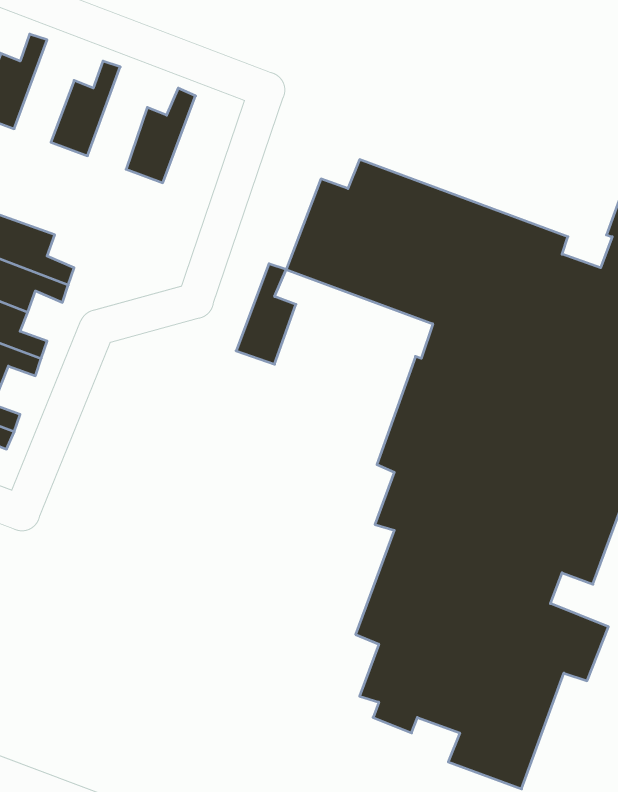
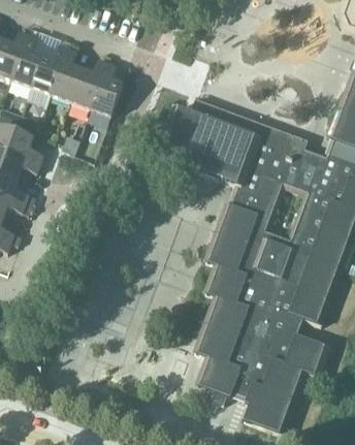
building: none -> [11,33,43,88]
building: none -> [51,47,83,102]
building: [236,264,296,364] -> [91,63,123,117]

